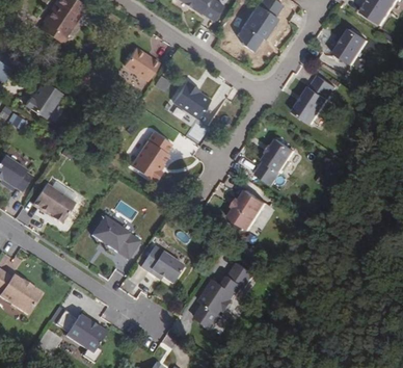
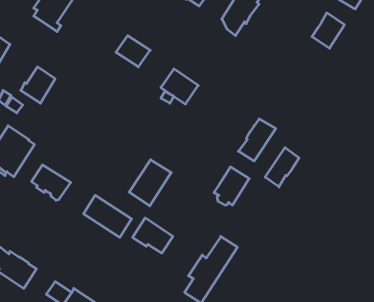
building: [293,73,335,122] -> none
building: [132,133,177,182] -> [129,160,171,206]
building: none -> [265,148,299,187]

